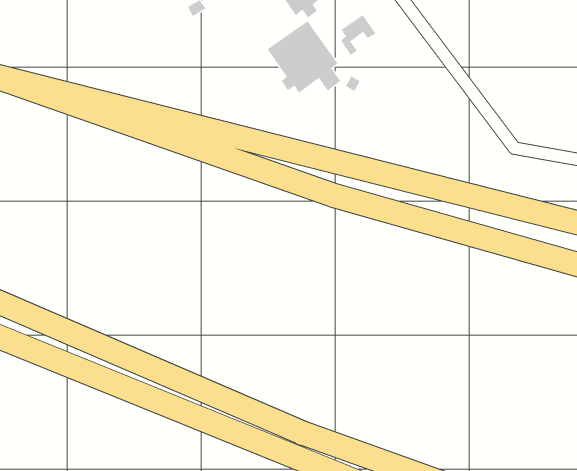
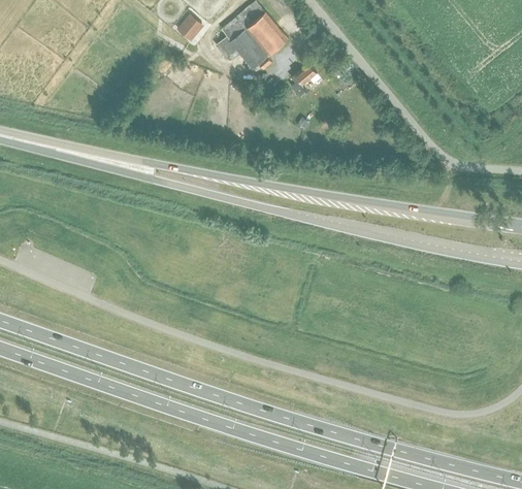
building: [267,20,341,94] -> none

